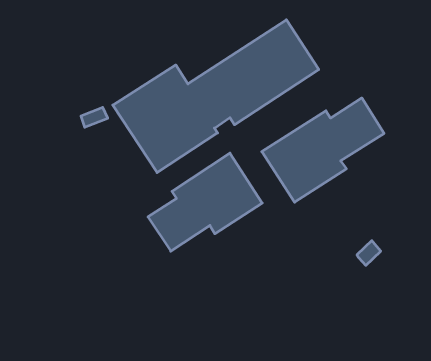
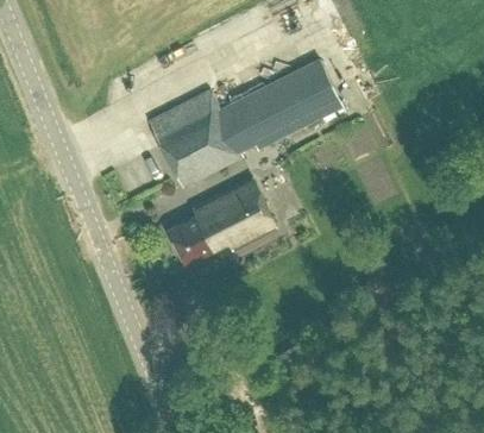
building: [262,98,384,202] -> none

